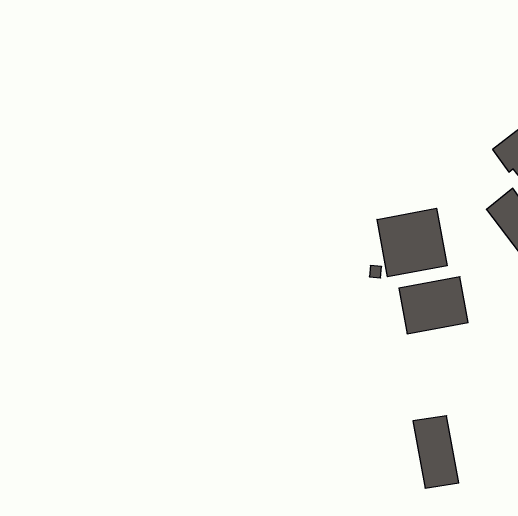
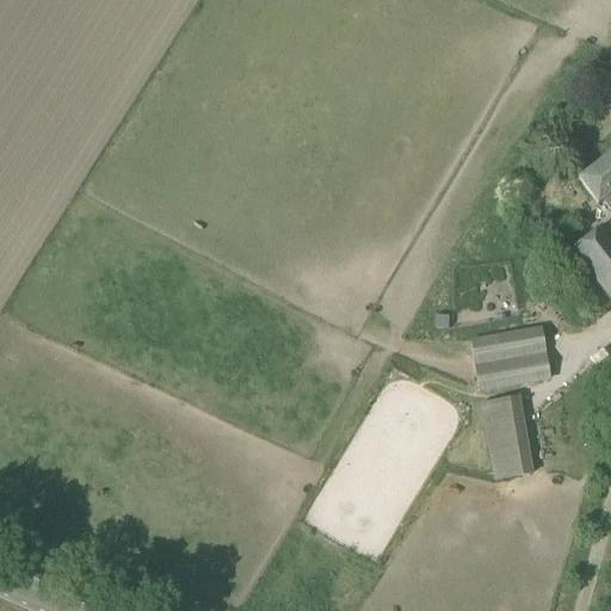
building: [377,208,447,277] -> none
building: [413,416,459,488] -> [481,394,535,479]

